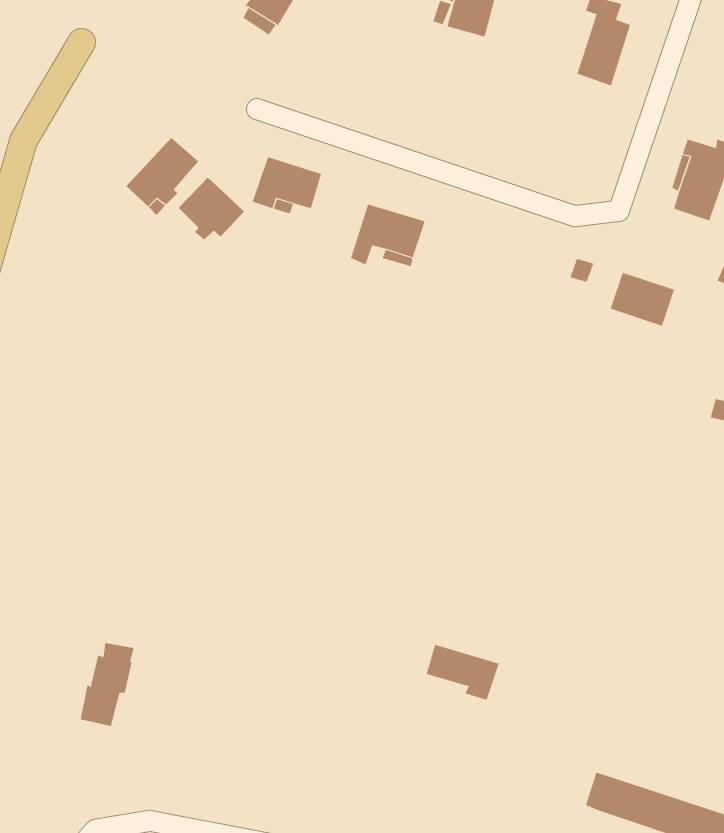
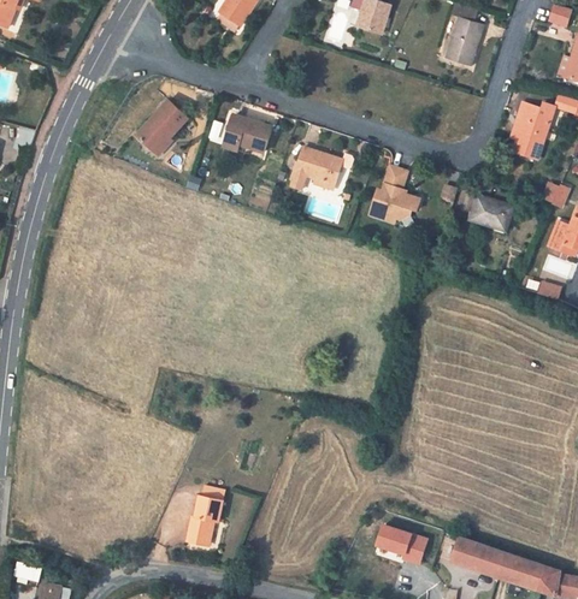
building: [178,177,245,241] -> none
building: none -> [368,166,420,221]
building: [80,642,134,727] -> [187,486,224,544]
building: [426,644,500,700] -> [376,524,426,563]

